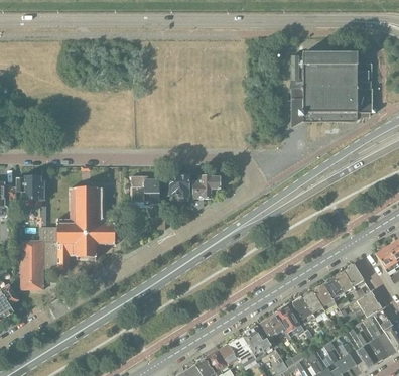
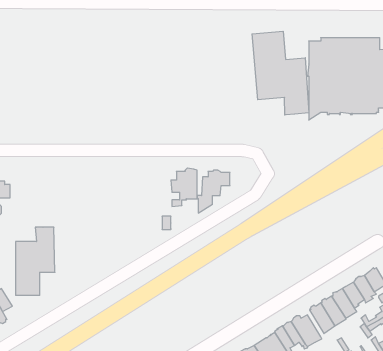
building: none -> [252,31,309,115]
building: [130,175,158,208] -> none
building: [16,176,43,200] -> none
building: [56,186,116,270] -> none

